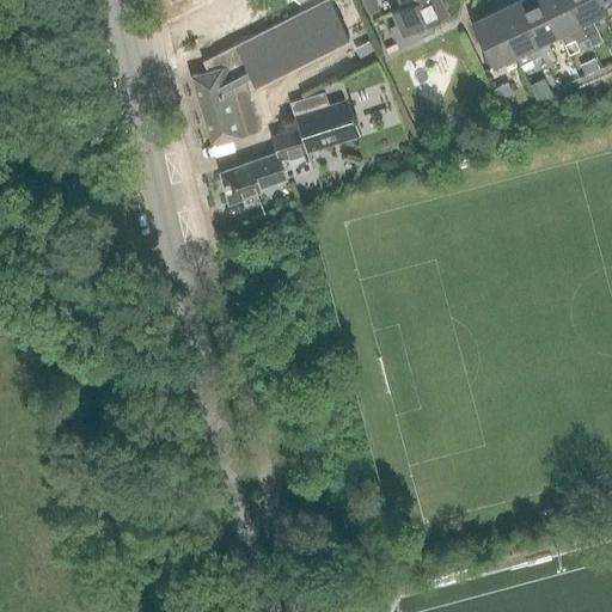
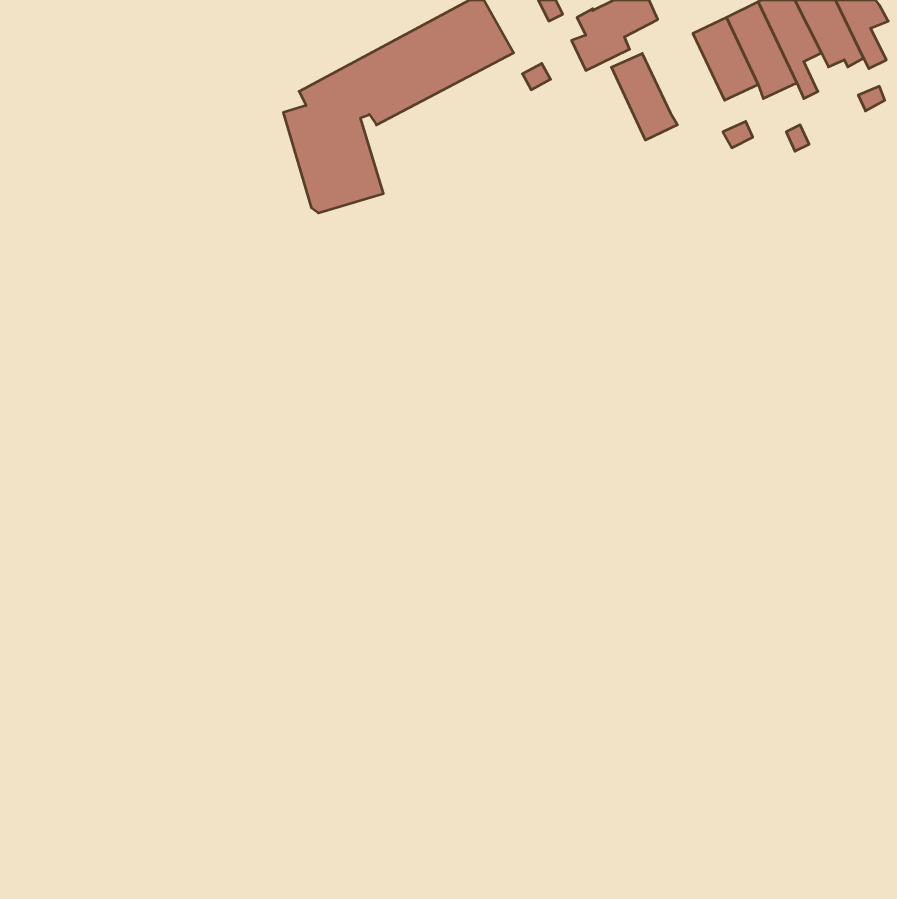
building: none -> [611,53,677,140]
building: [221,92,361,204] -> none

